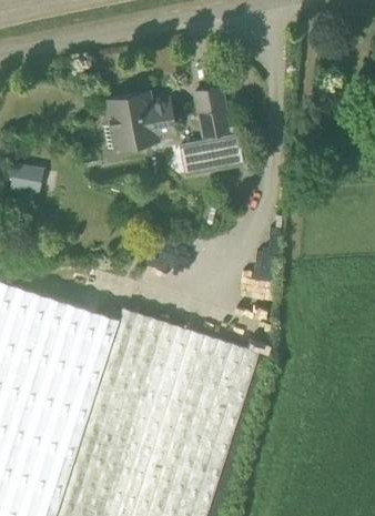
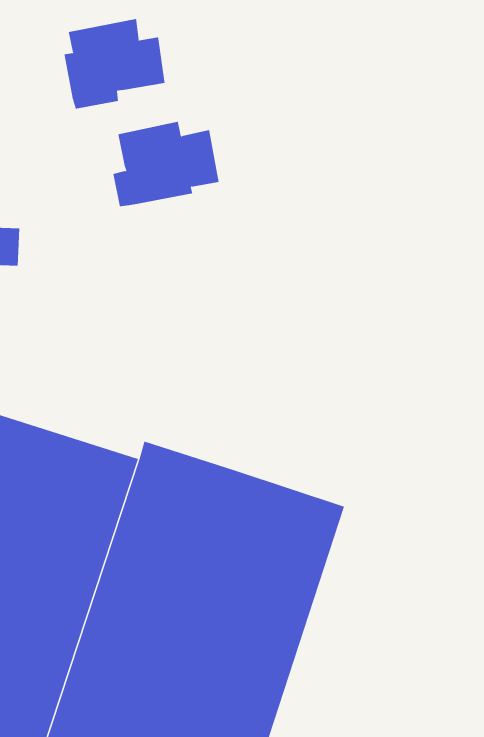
building: none -> [64,18,165,109]
building: [180,89,240,175] -> none

